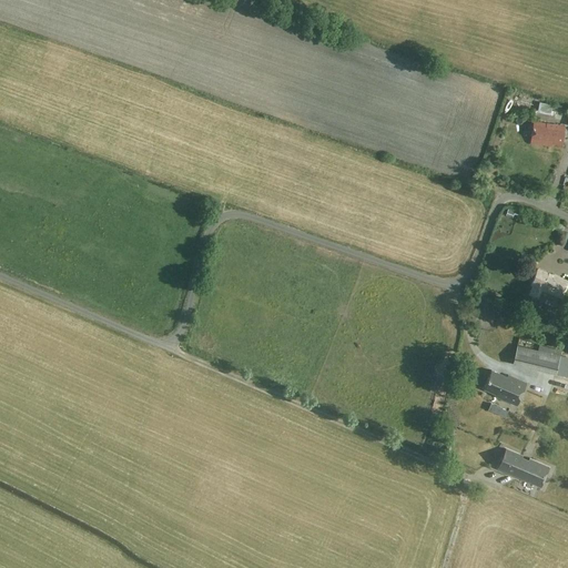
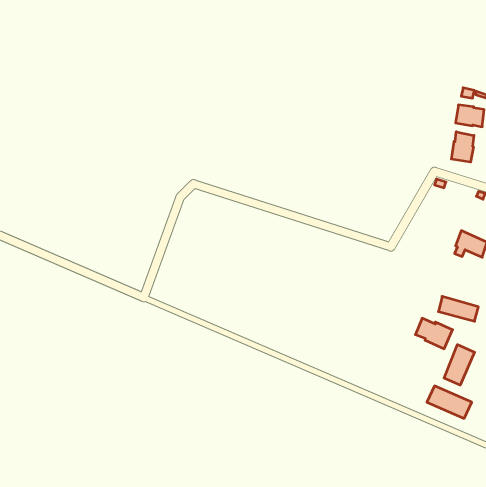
building: none -> [451,132,474,162]
building: none -> [444,345,475,385]

